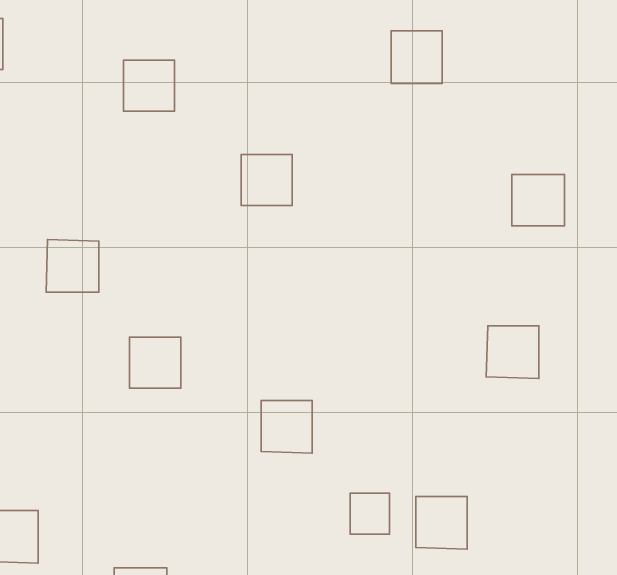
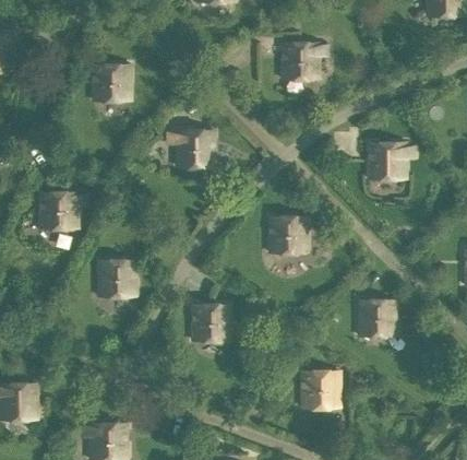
building: none -> [268,216,304,253]
building: [486,326,539,378] -> [357,300,394,338]
building: [350,493,390,534] -> none

